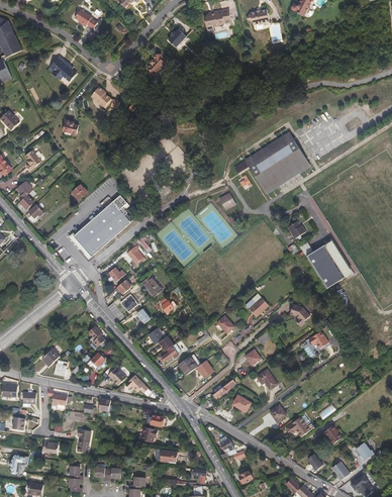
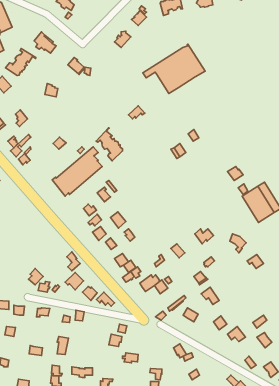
building: none -> [6,49,36,75]
building: [233,131,310,192] -> [143,44,205,93]
building: none -> [96,128,123,161]

